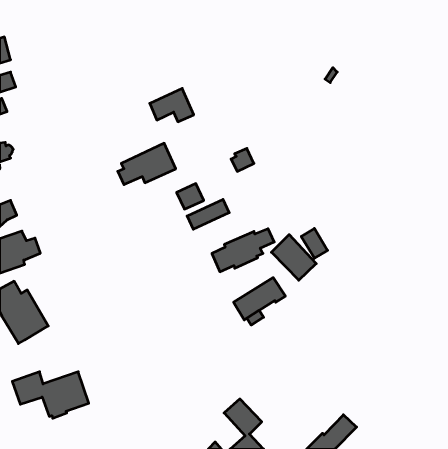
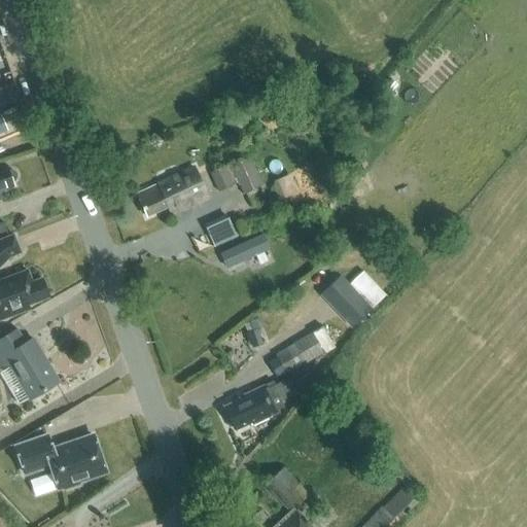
building: [150,88,194,122] -> [209,155,260,195]
building: [212,229,274,272] -> [222,379,295,429]

